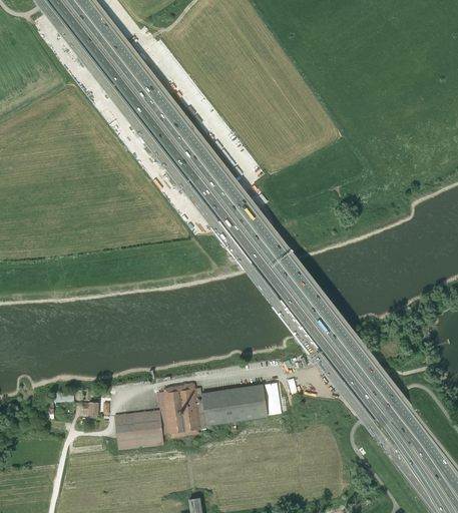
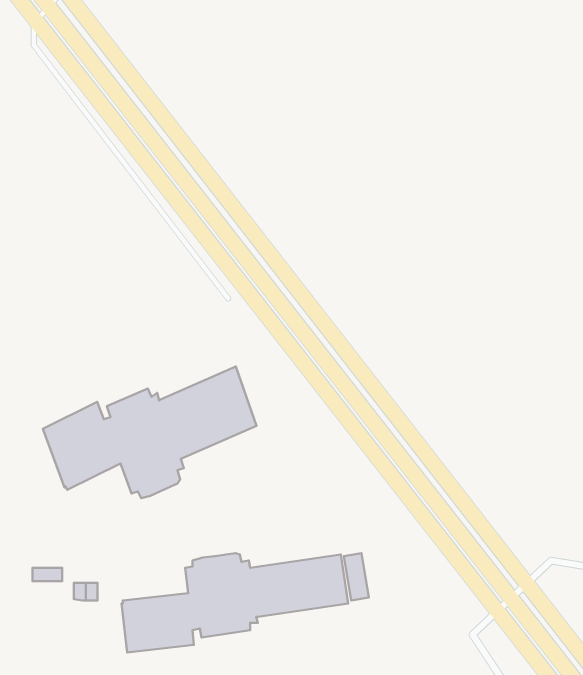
building: none -> [43,366,256,498]

